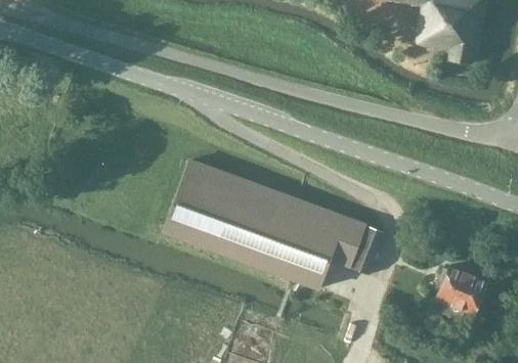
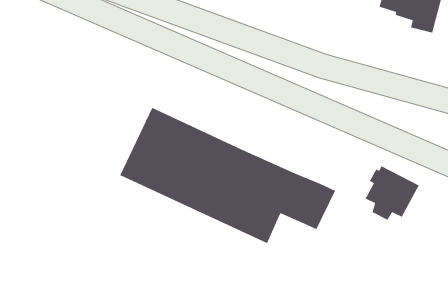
building: [436,261,491,317] -> [365,165,420,221]

